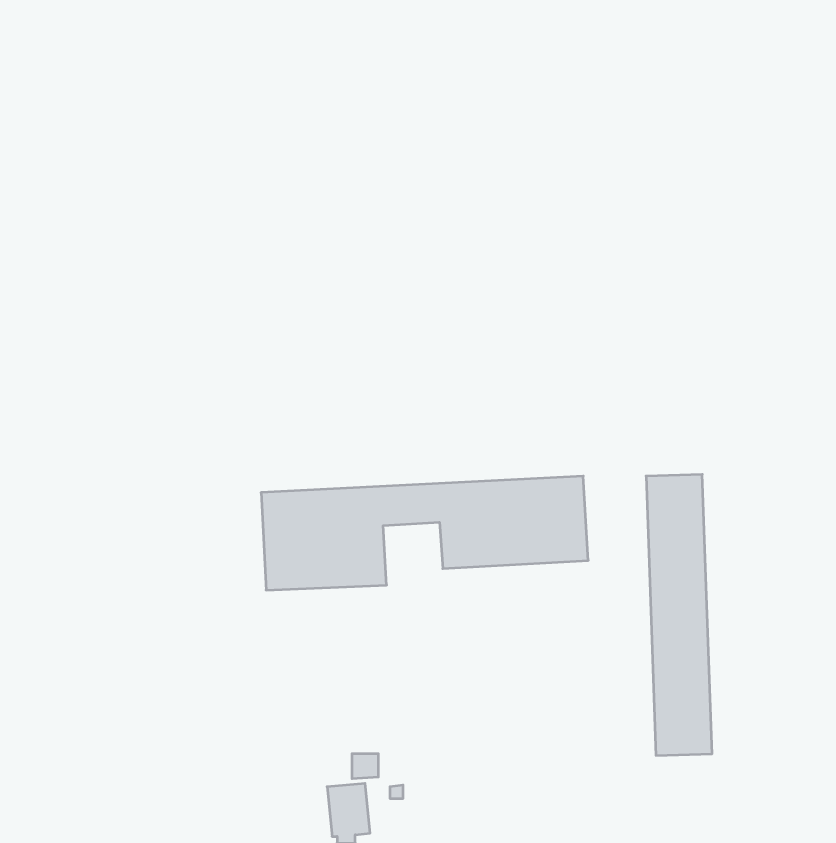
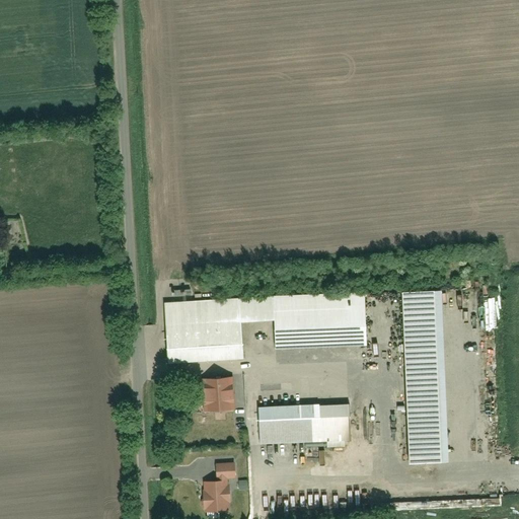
building: none -> [207,376,240,412]
building: none -> [262,402,352,444]

